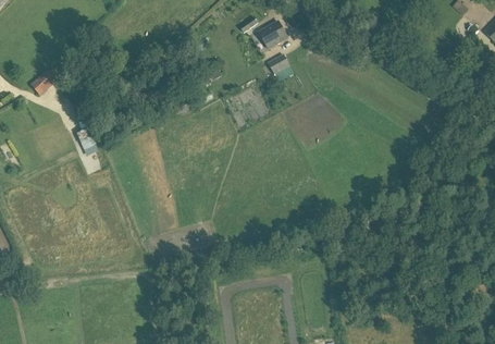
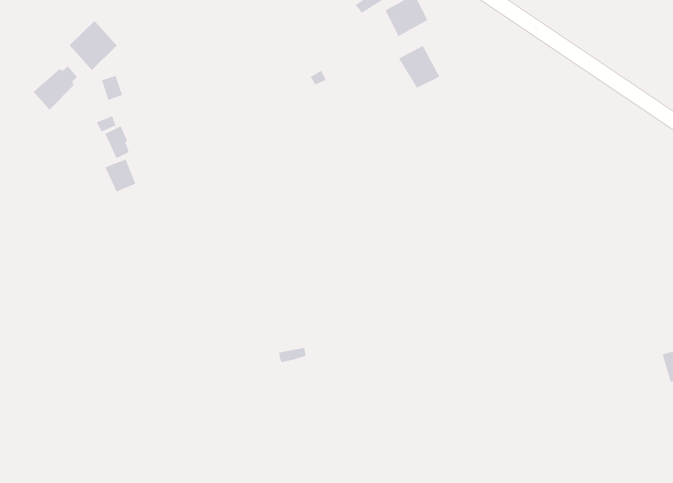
building: none -> [69,20,118,71]

